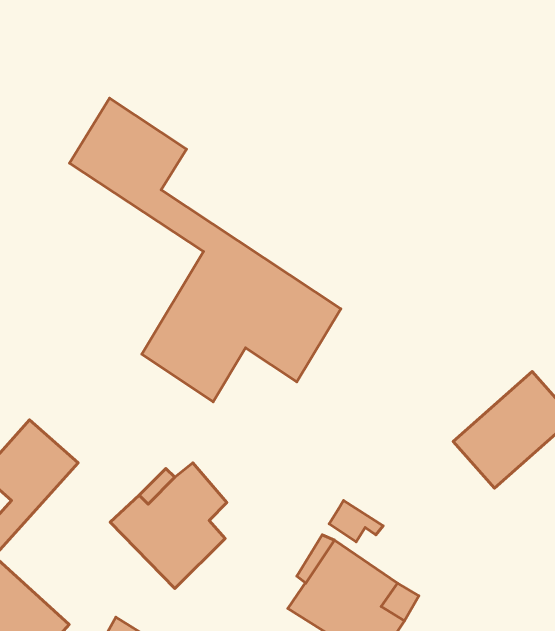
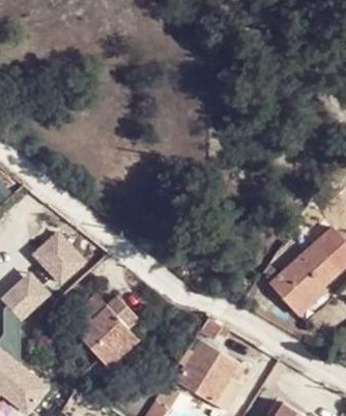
building: [70,98,341,402] -> none
building: none -> [29,228,88,286]

